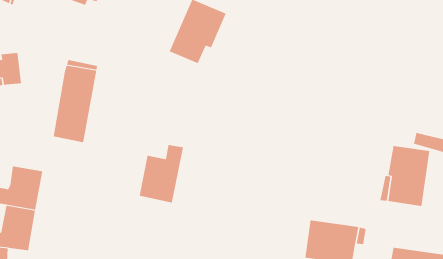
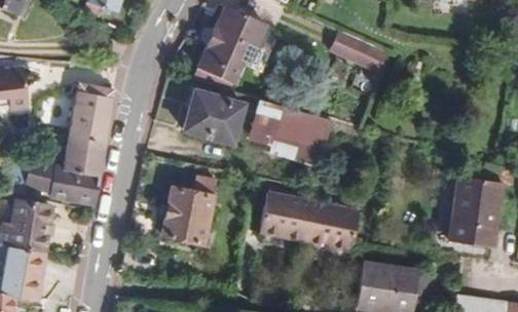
building: none -> [332,33,387,74]
building: none -> [183,91,242,144]
building: none -> [252,99,333,166]
building: none -> [9,157,100,202]
building: none -> [260,192,360,250]

